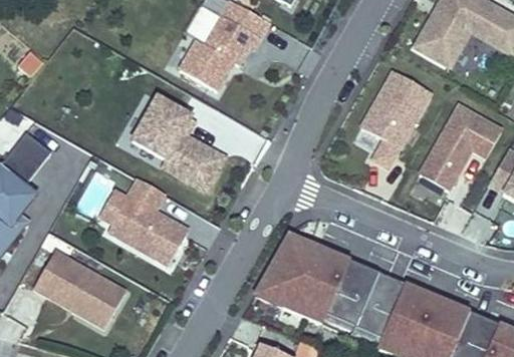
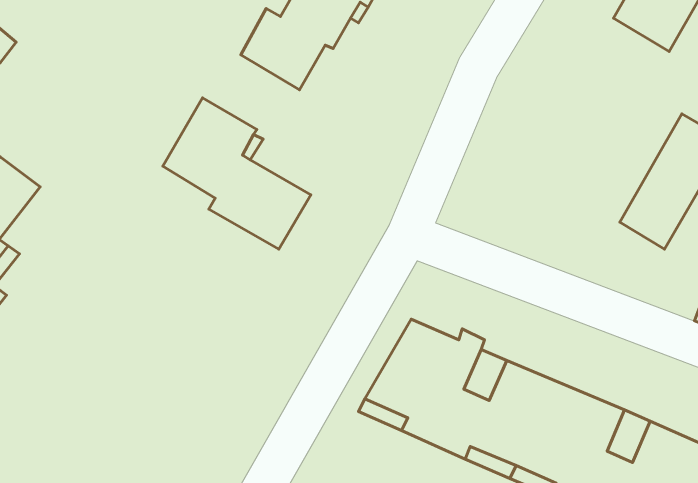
building: [360,71,433,170] -> none
building: [100,176,192,267] -> none
building: [34,249,128,329] -> none

